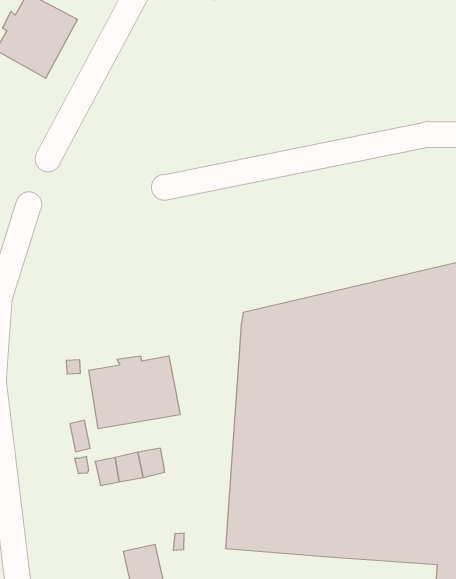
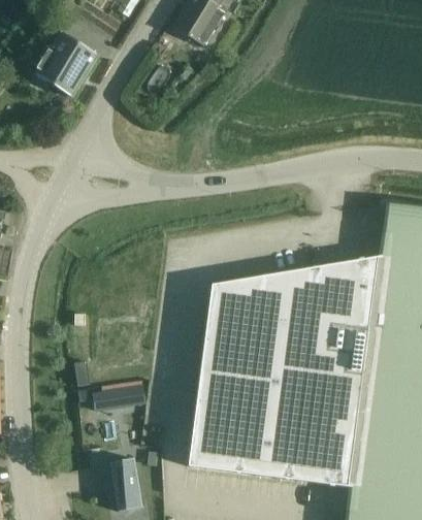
building: [89,356,180,429] -> none

